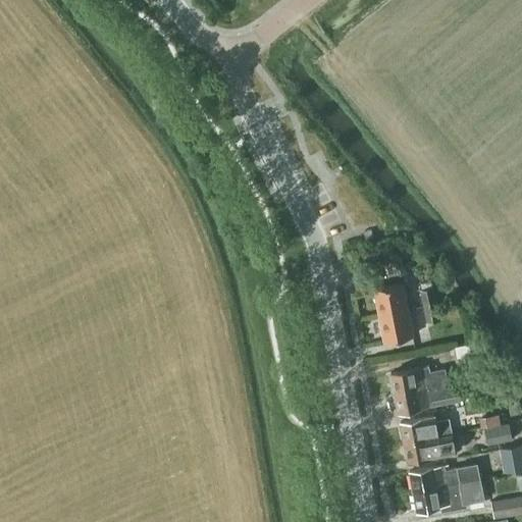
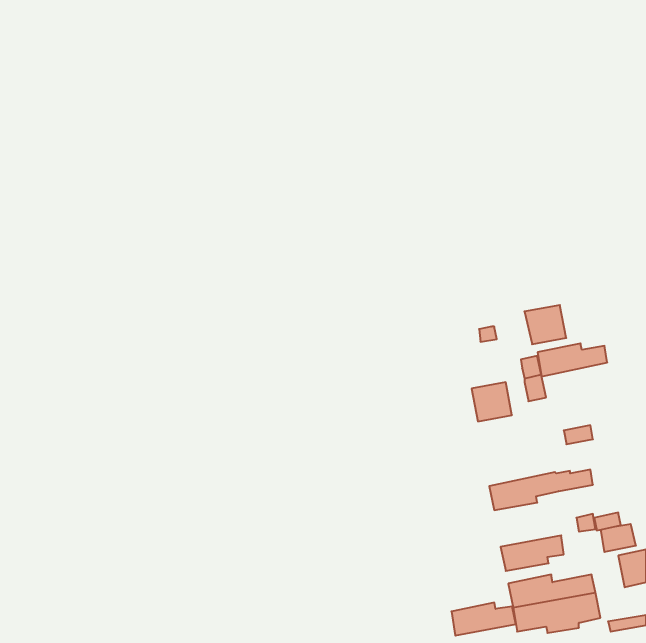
building: [374,284,408,316] -> [524,305,566,344]
building: [392,368,448,395] -> [538,343,607,376]
building: [401,417,453,443] -> [451,603,516,636]

